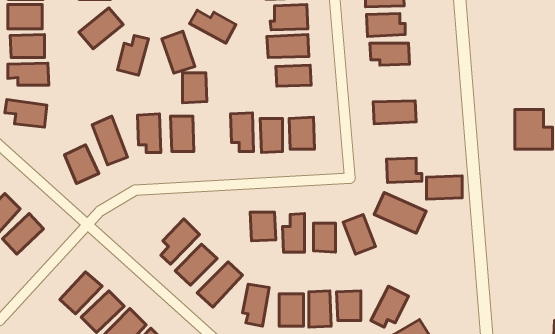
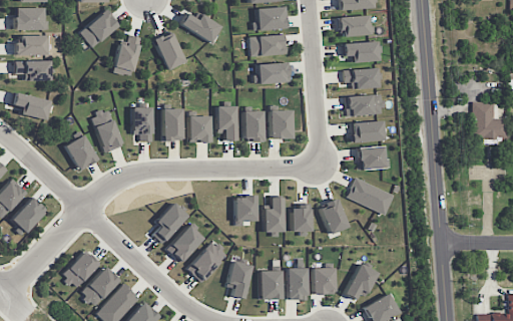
building: none -> [344,68,379,88]
building: [182,73,207,103] -> [189,115,211,142]
building: [427,176,462,199] -> [352,120,384,141]

